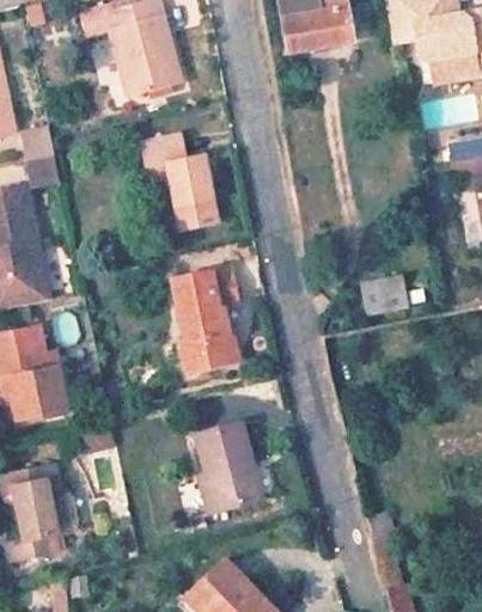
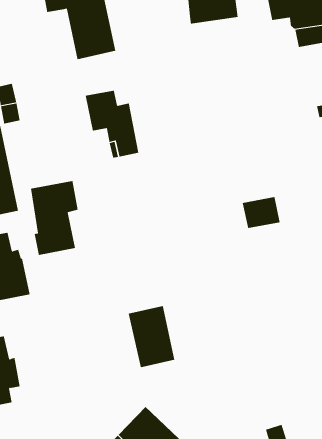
building: [173,268,238,368] -> [30,180,78,255]

